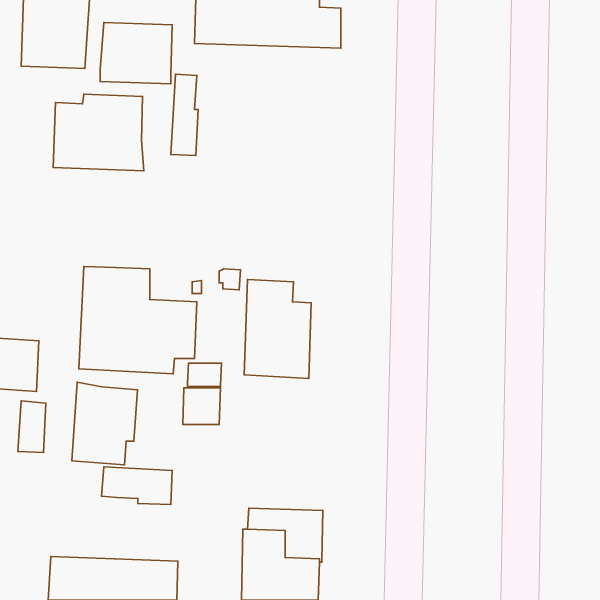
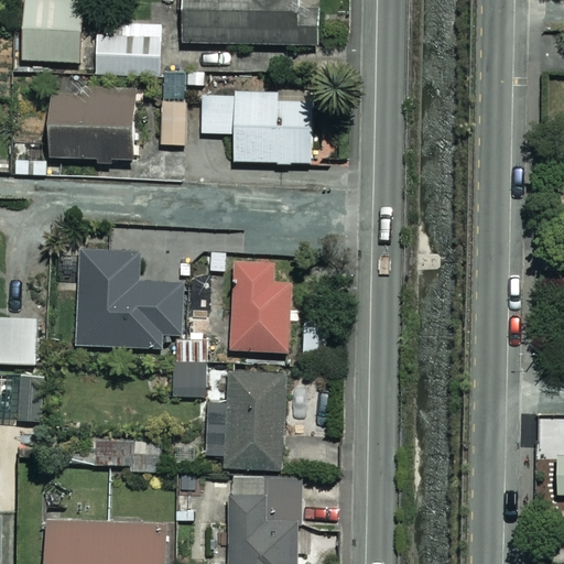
building: none -> [200,89,312,164]
building: [72,382,137,465] -> none
building: none -> [206,371,286,471]

